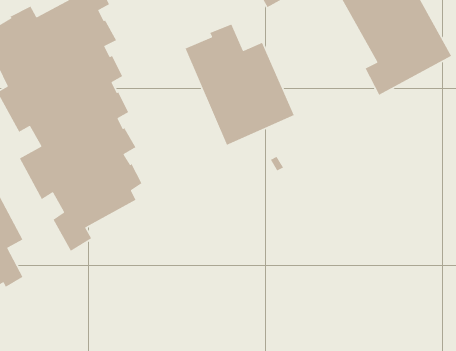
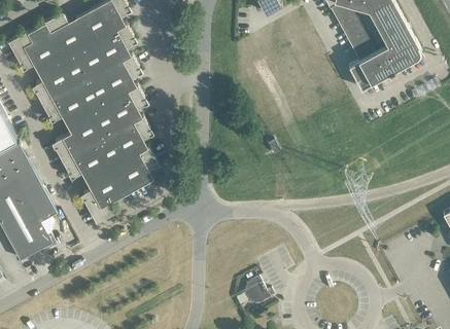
building: [185,24,295,146] -> none
building: none -> [245,276,274,301]

